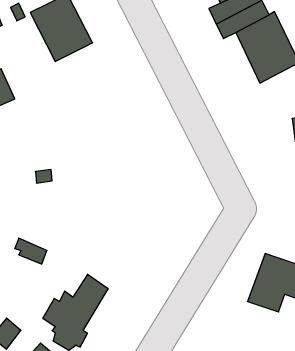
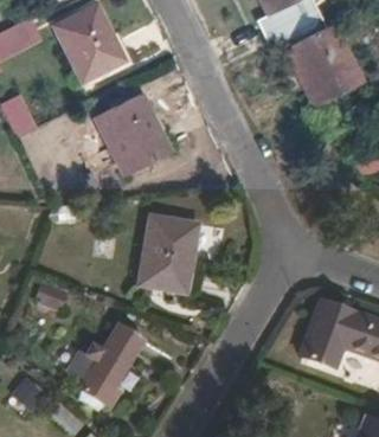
building: none -> [95,94,169,175]
building: none -> [139,214,197,291]

